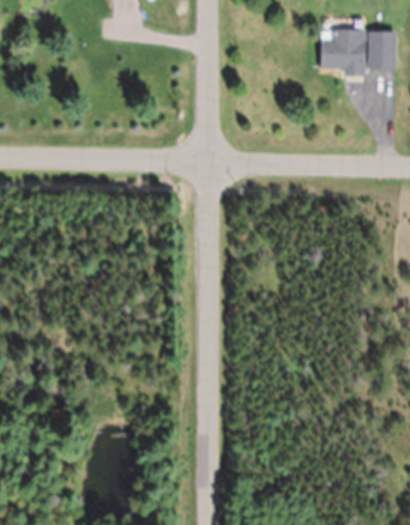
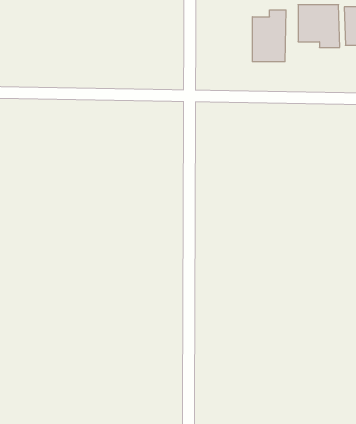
building: none -> [252,10,286,62]

